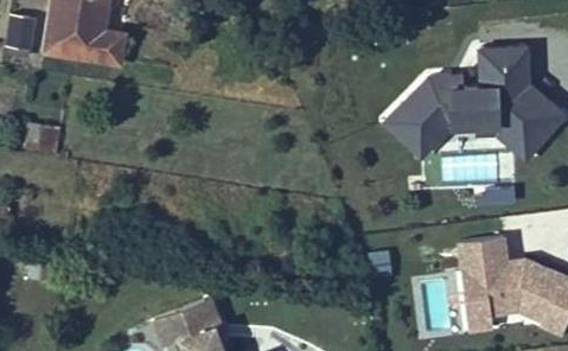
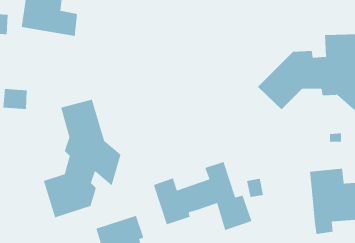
building: none -> [43,99,121,218]
building: none -> [153,161,252,231]

